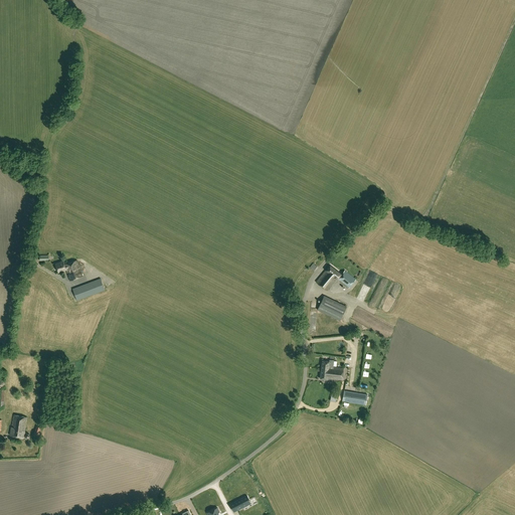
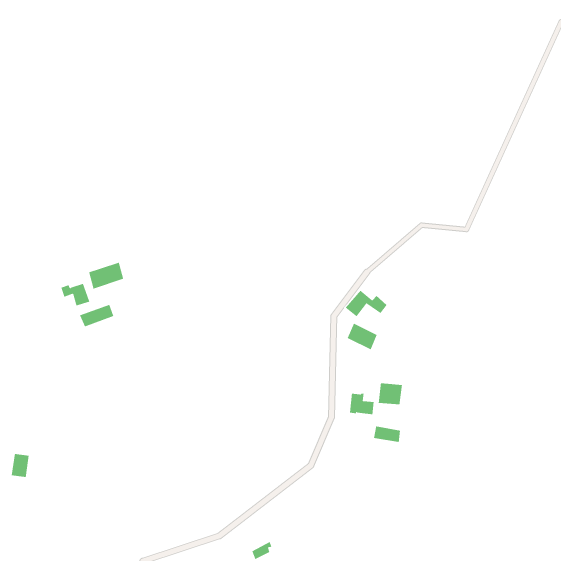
building: none -> [89,262,124,289]
building: none -> [378,383,402,405]

